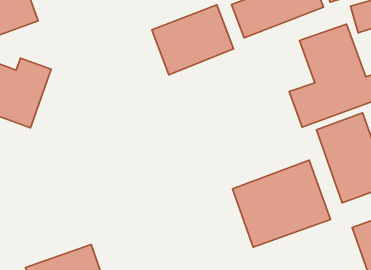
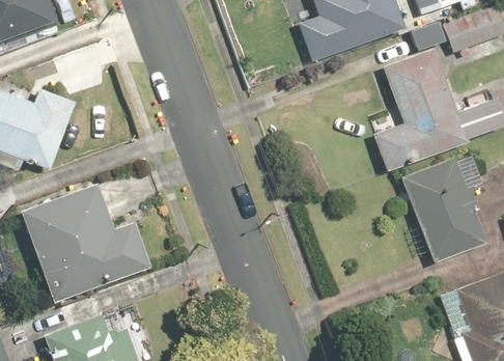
building: [152,5,233,75] -> none
building: none -> [21,184,158,307]
building: [233,160,330,247] -> none

